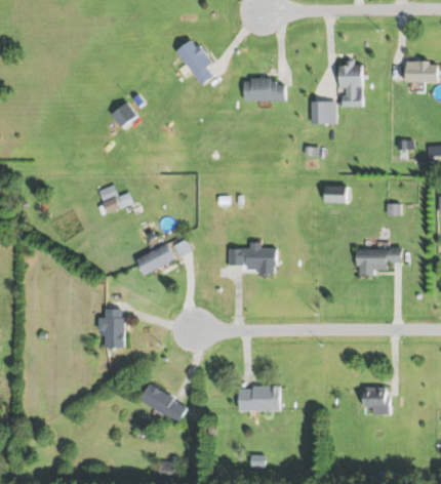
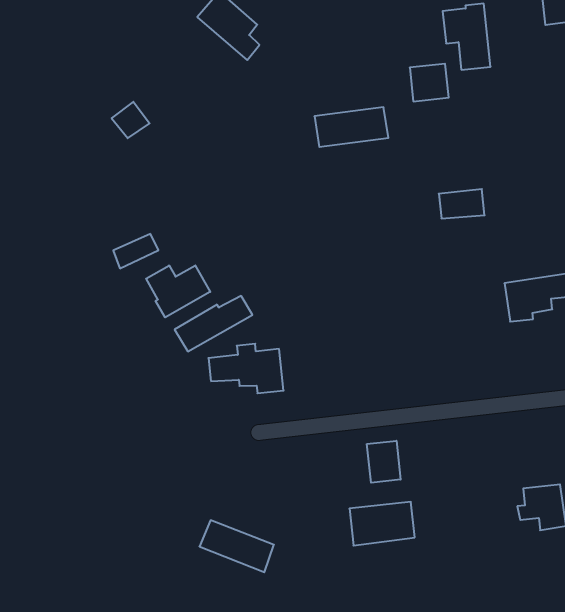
building: [241,80,288,102] -> [314,107,388,147]
building: none -> [146,265,210,317]
building: [230,243,277,276] -> [208,344,284,393]
building: [99,310,126,349] -> none
building: none -> [367,441,401,483]

